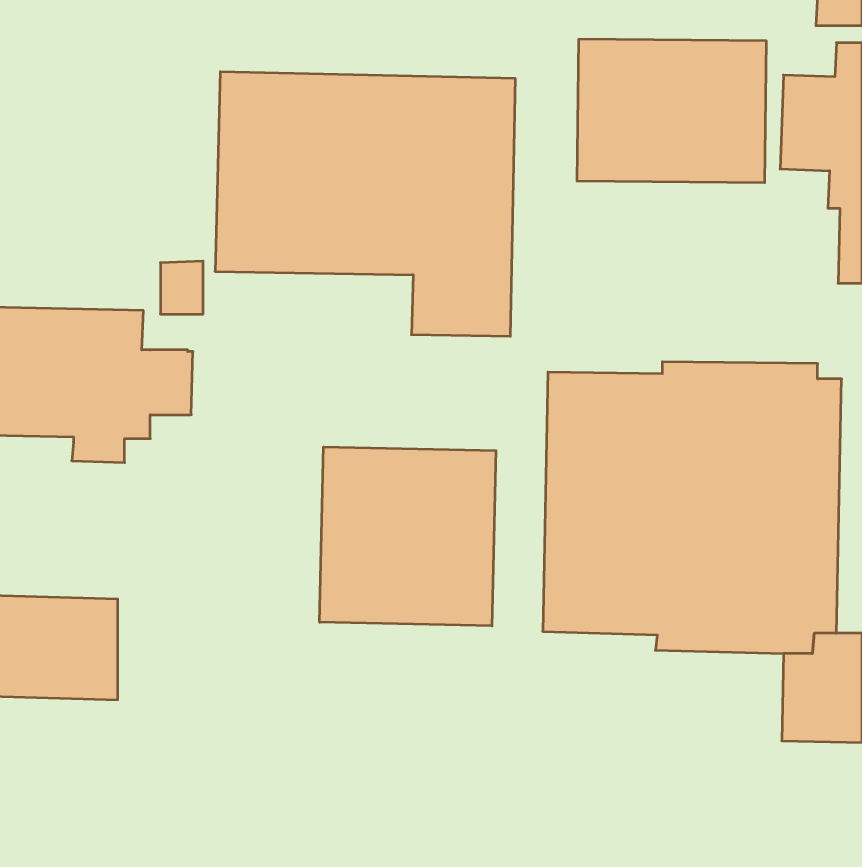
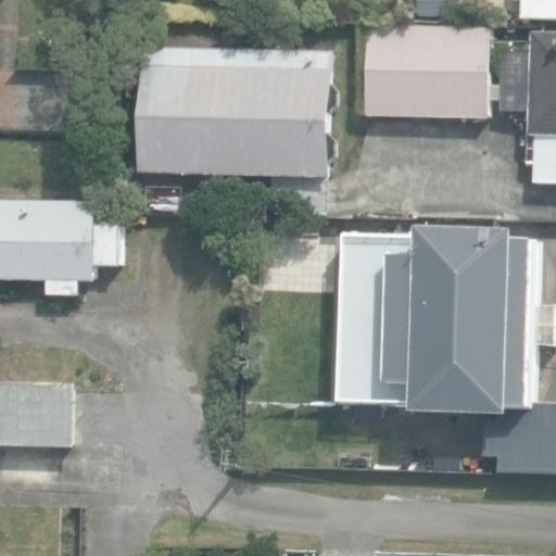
building: [320,447,496,626] -> none

